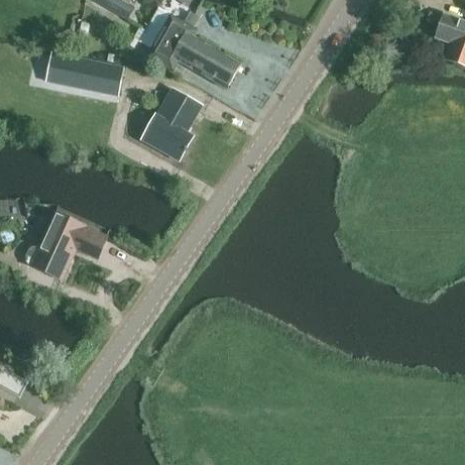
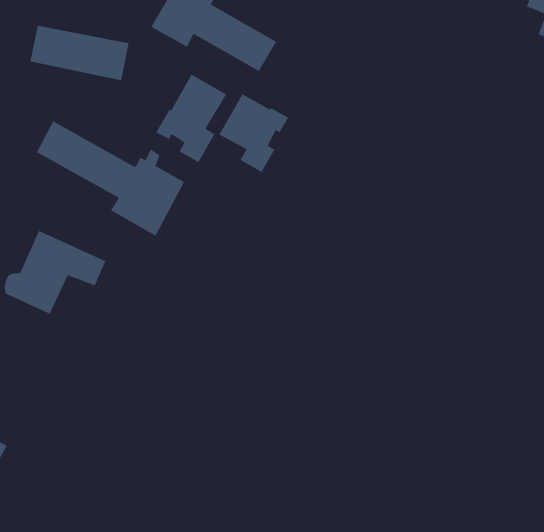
building: none -> [218,93,289,173]
building: none -> [36,120,185,237]

